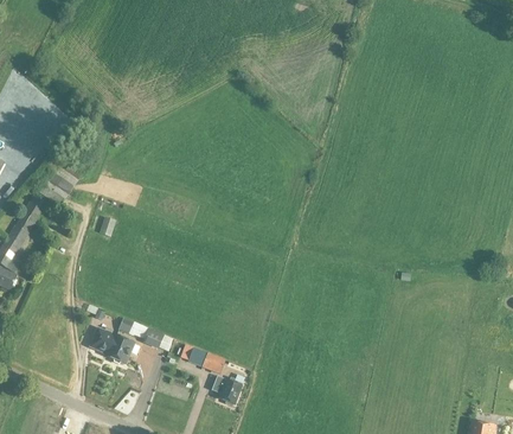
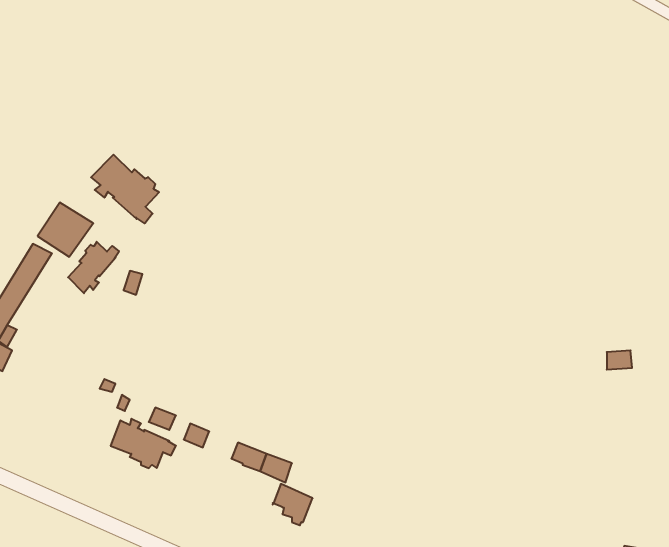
building: none -> [91,155,159,223]
building: none -> [68,242,119,293]

